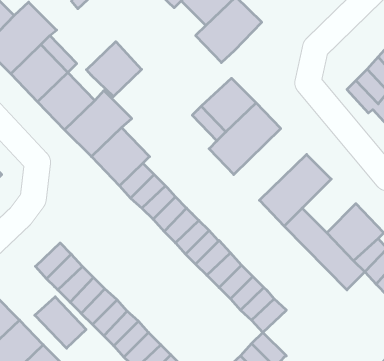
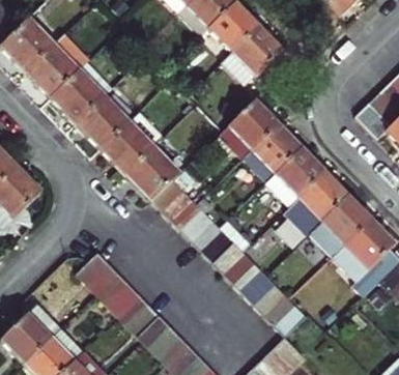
building: [86,42,142,97] -> none
building: none -> [258,148,325,214]
building: none -> [321,195,371,244]
building: [35,297,86,348] -> none

